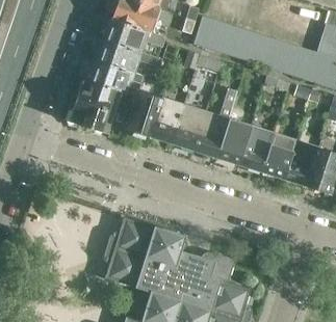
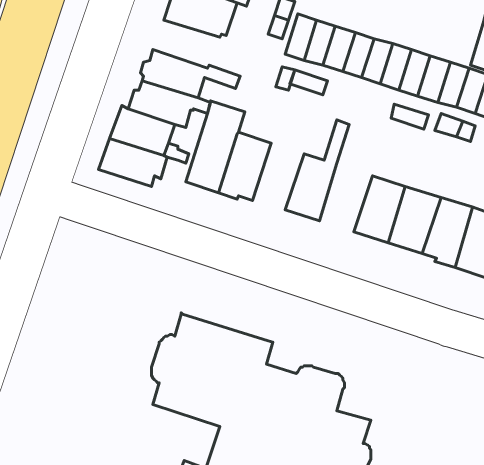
building: [102,21,165,53] -> none
building: [171,103,205,147] -> none
building: [215,116,251,162] -> none

